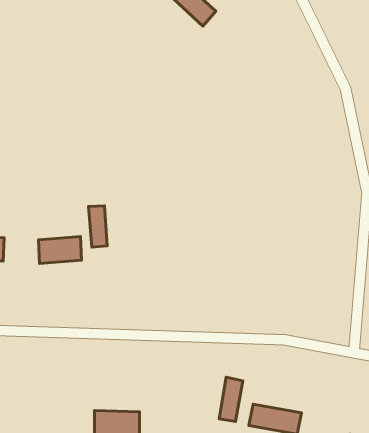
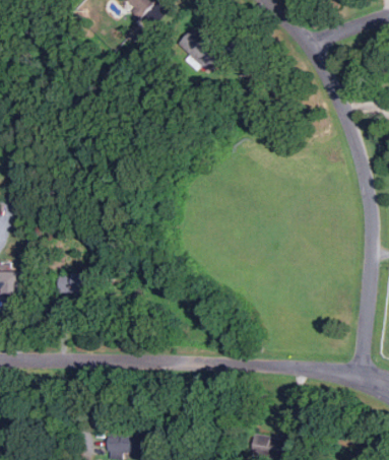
building: [89,206,107,247] -> none
building: [219,377,243,422] -> none

